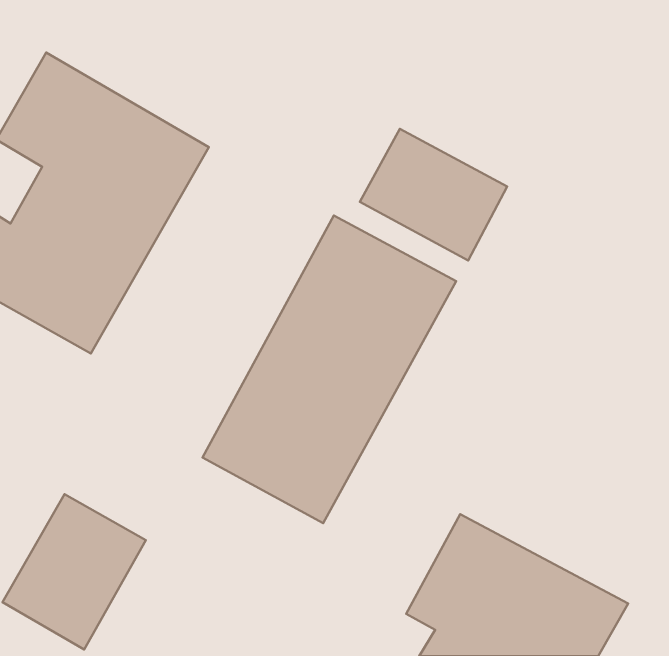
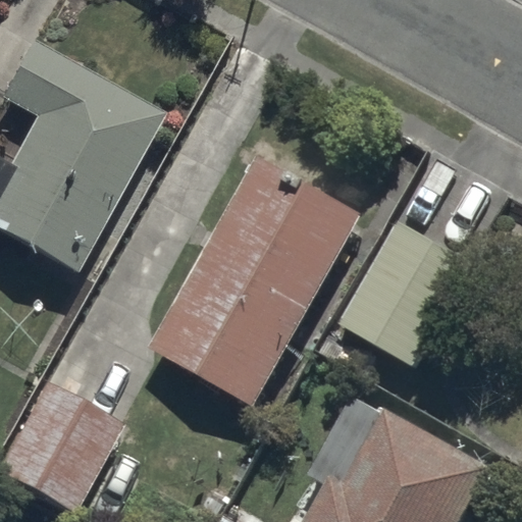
building: [360,129,507,261] -> none
building: none -> [344,217,469,363]

